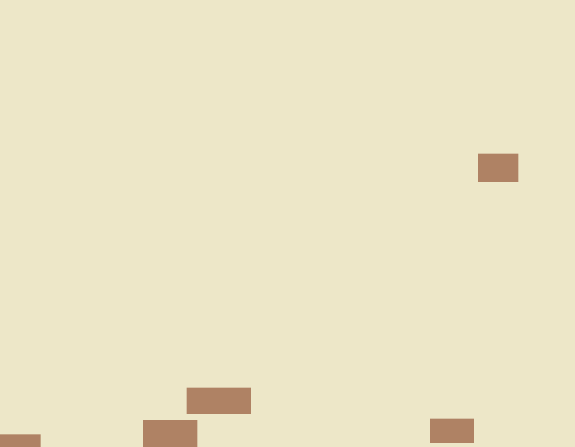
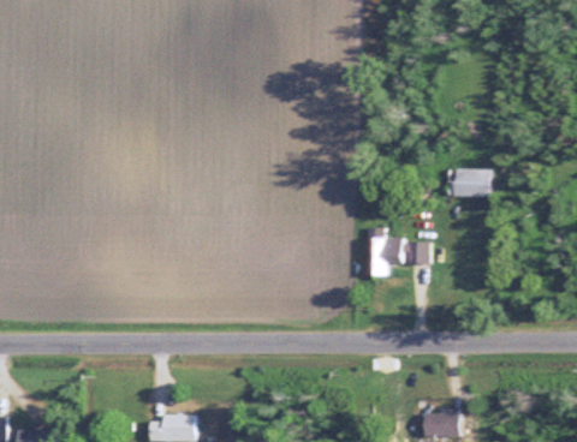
building: none -> [367,227,433,275]
building: [186,387,252,415] -> none

